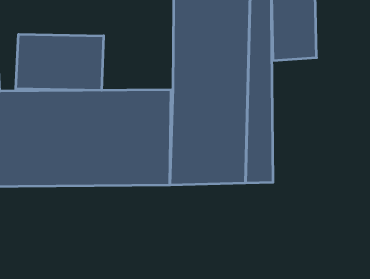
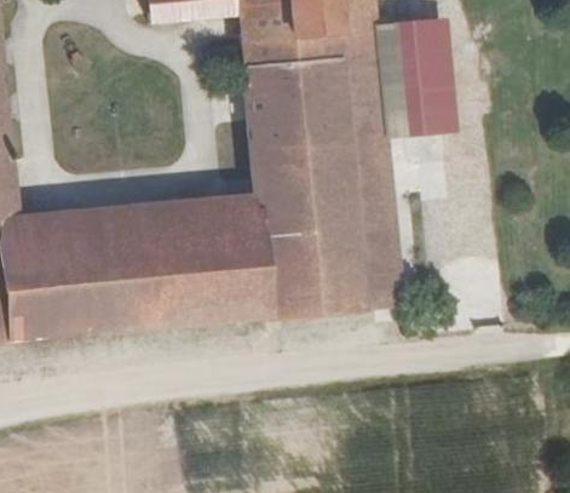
building: [16,34,104,90] -> none

